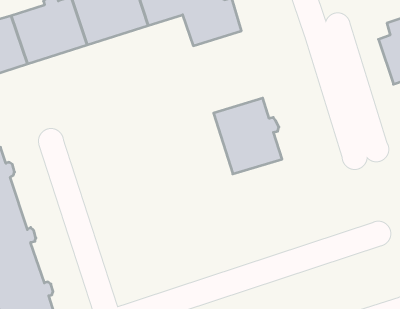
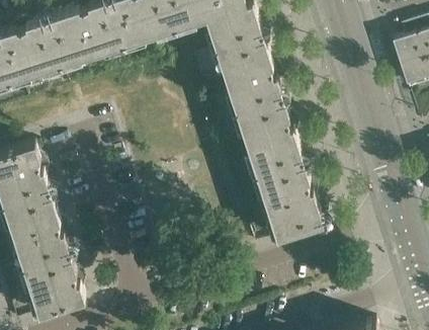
building: none -> [216,37,281,115]
building: none -> [253,159,322,243]

